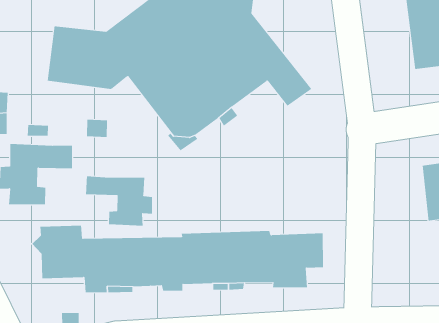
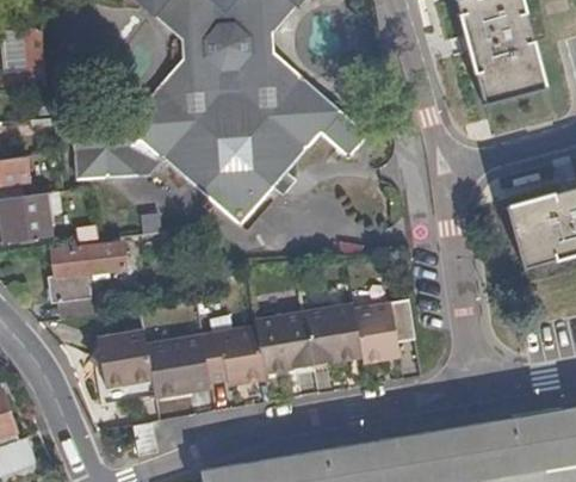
building: [86,176,153,227] -> none

